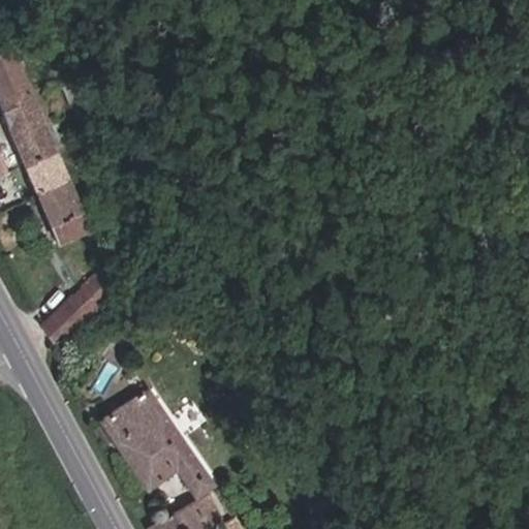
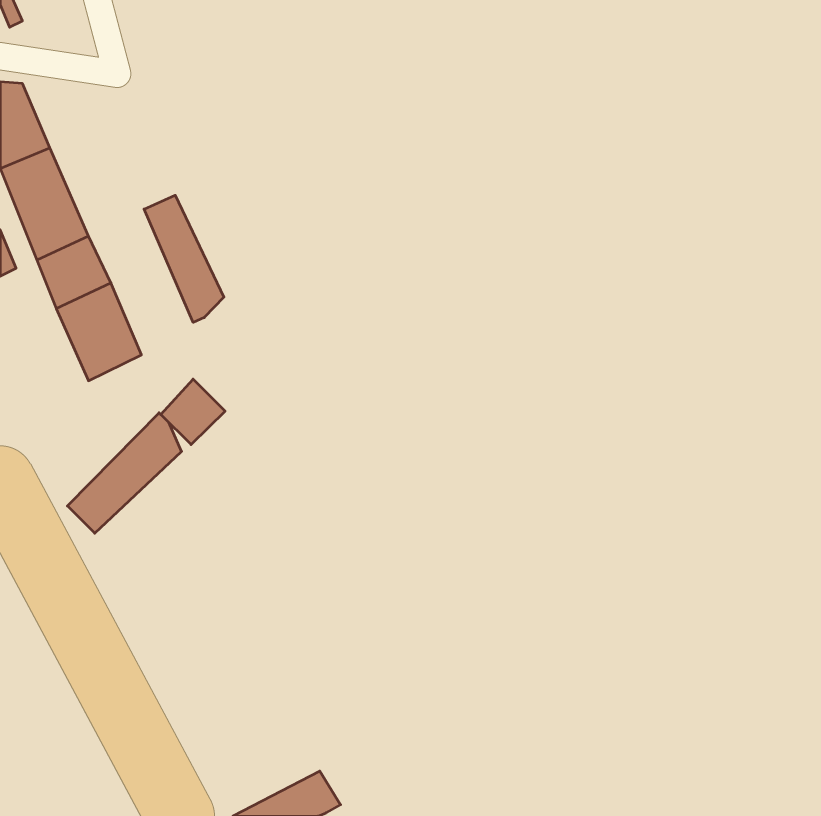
building: none -> [144,195,224,322]
building: none -> [161,379,225,445]
building: [103,391,211,496] -> none

